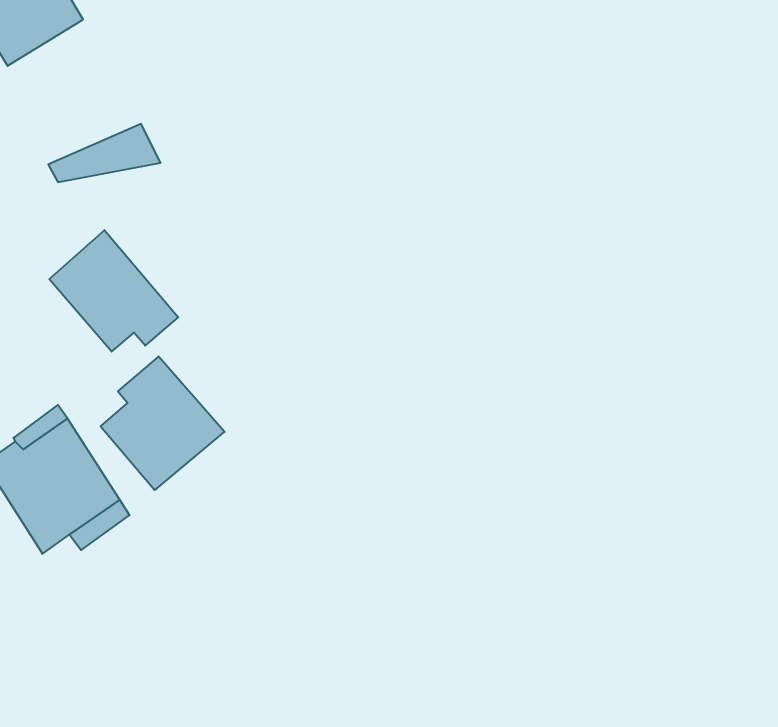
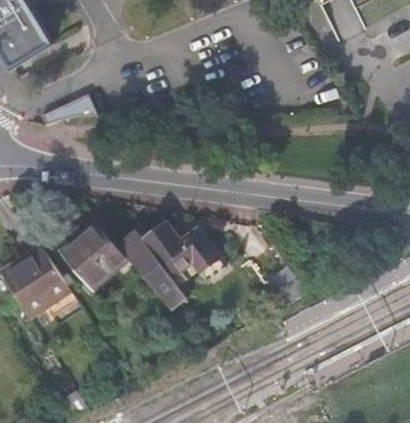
building: [49,230,178,352] -> none
building: none -> [115,223,216,307]

